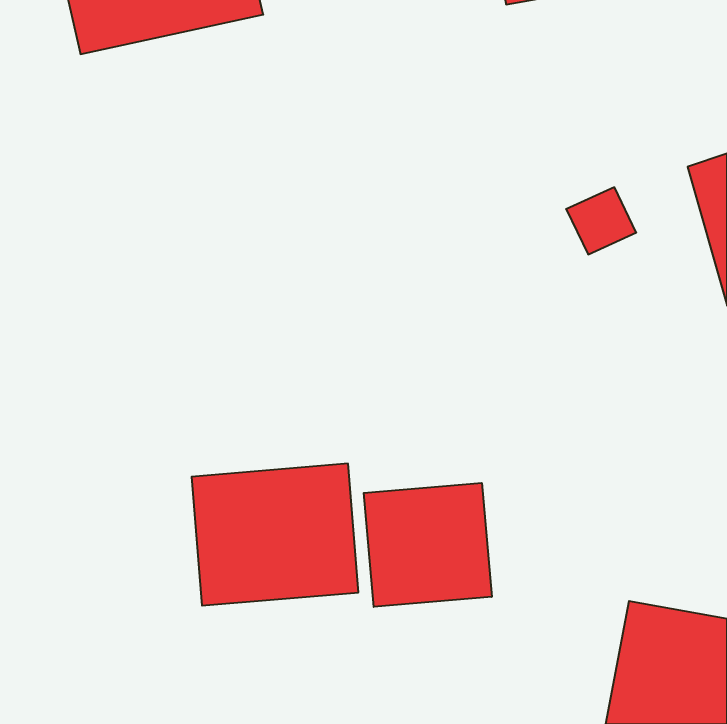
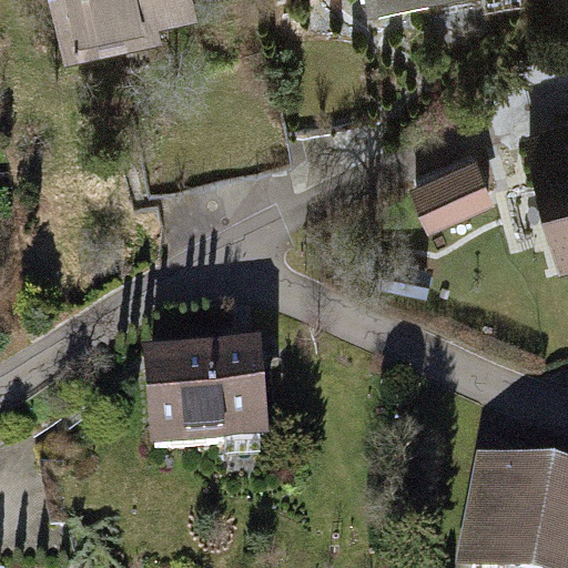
building: [364,483,492,607] -> none

